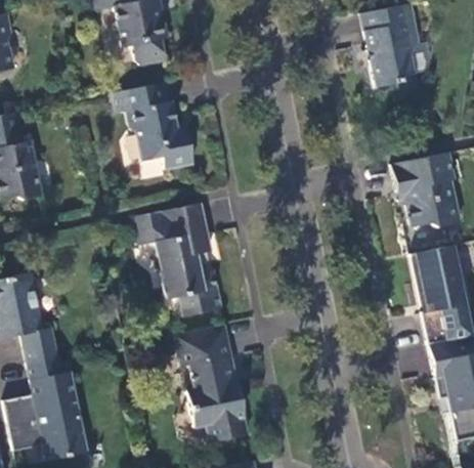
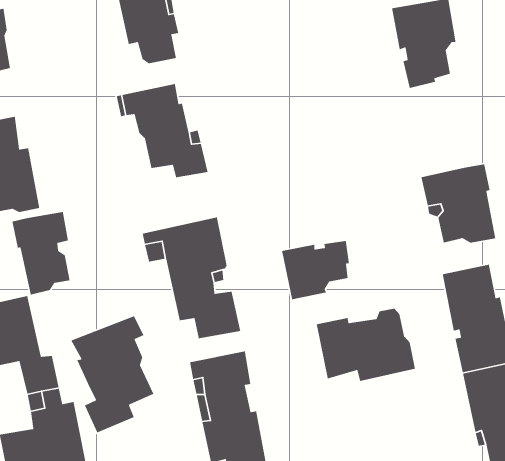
building: none -> [12,211,70,296]
building: none -> [281,240,350,300]
building: none -> [316,308,416,382]
building: none -> [70,315,155,433]

